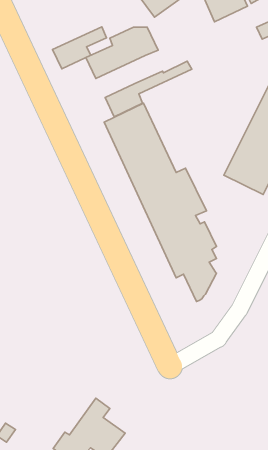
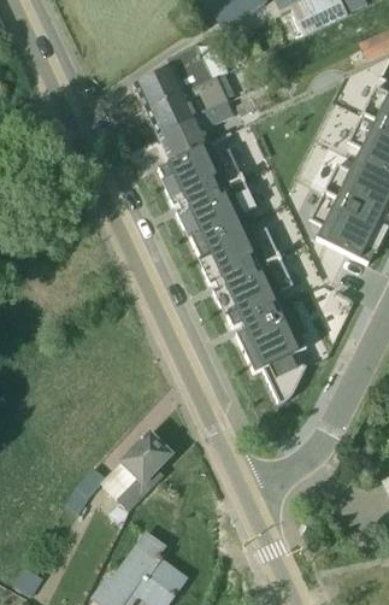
building: [53,27,106,69] -> [148,78,219,134]
building: none -> [67,430,173,523]

